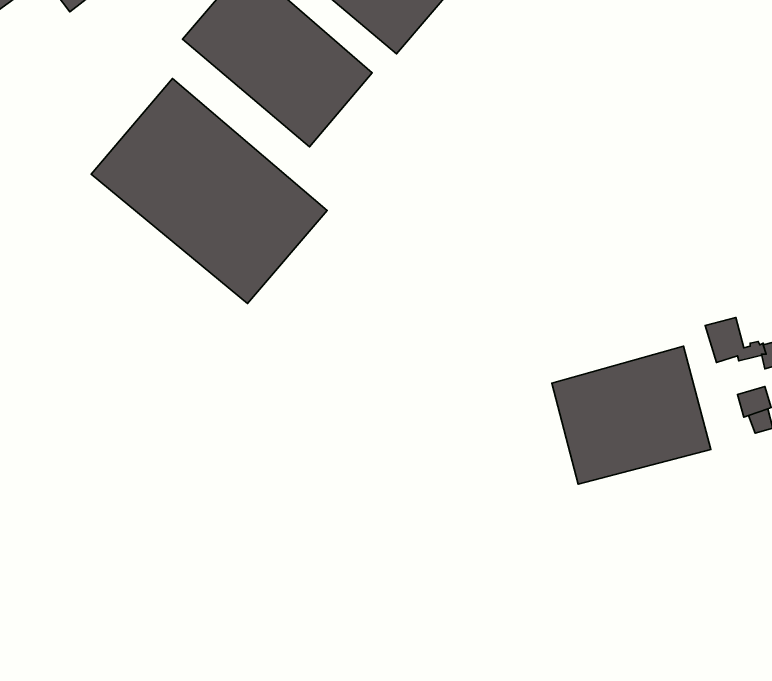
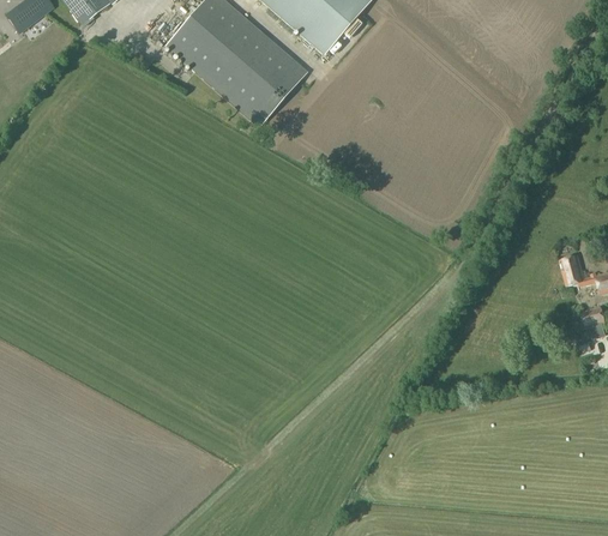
building: [91,79,327,304] -> none
building: [552,346,711,484] -> none

